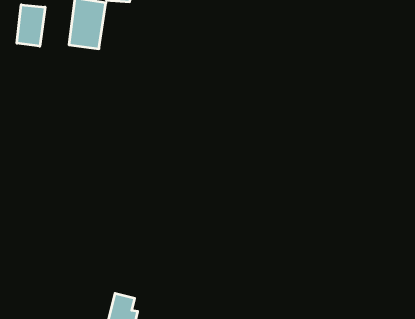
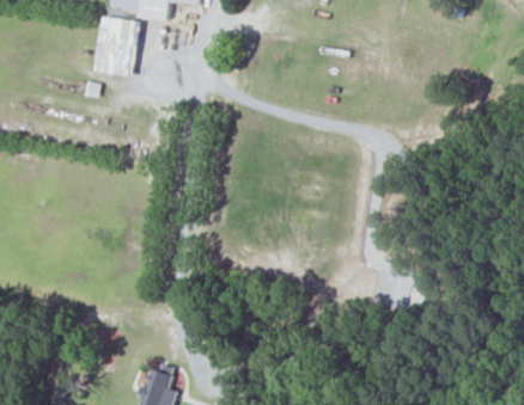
building: [17,5,45,46] -> none

